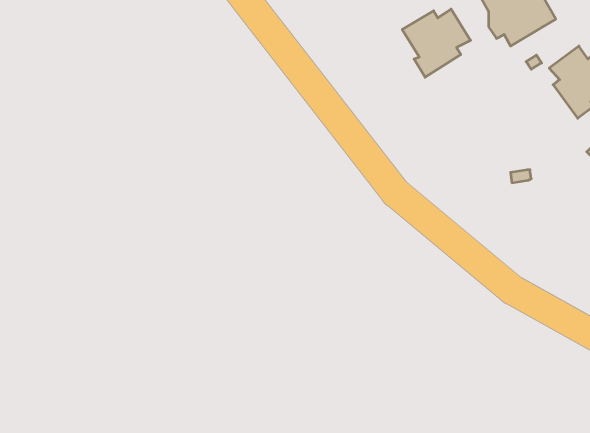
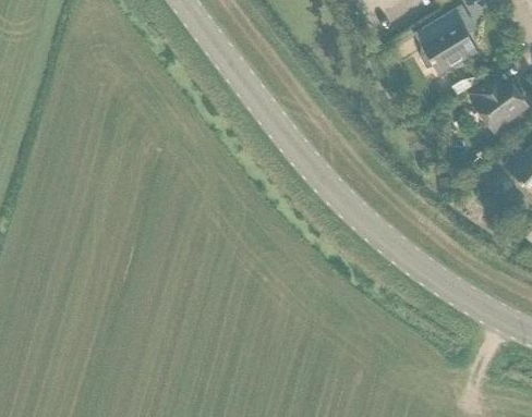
building: [402,9,471,77] -> none

